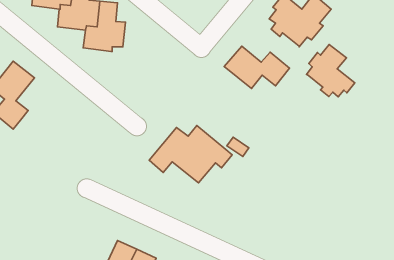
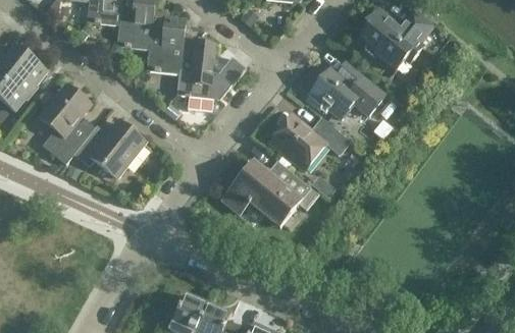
building: none -> [177,41,246,100]
building: [306,44,355,97] -> none
building: none -> [270,114,350,166]
building: none -> [74,124,145,176]

